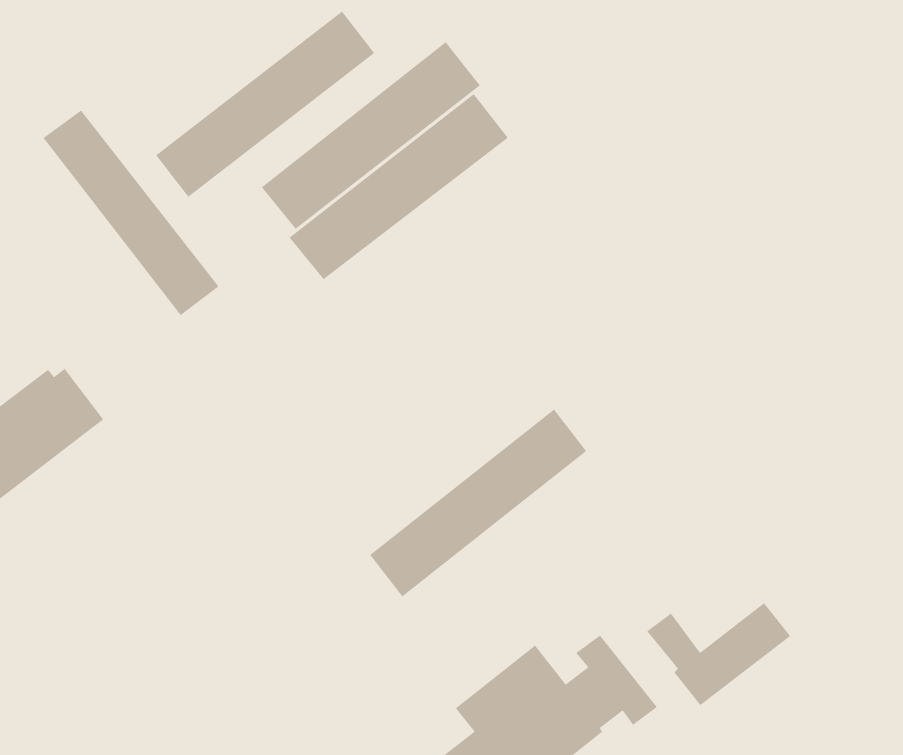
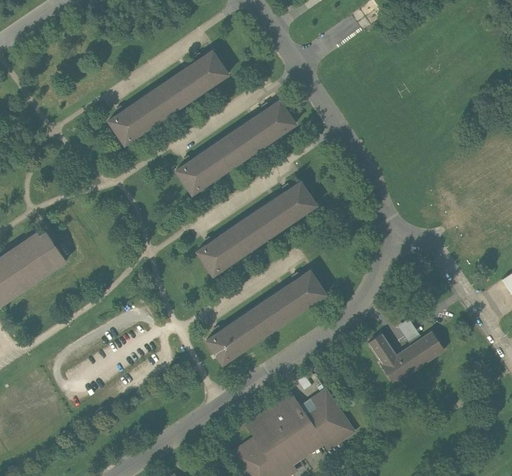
building: [261,41,481,230] -> [196,180,317,275]
building: [42,110,220,316] -> none
building: [646,602,791,706] -> [368,332,445,385]

